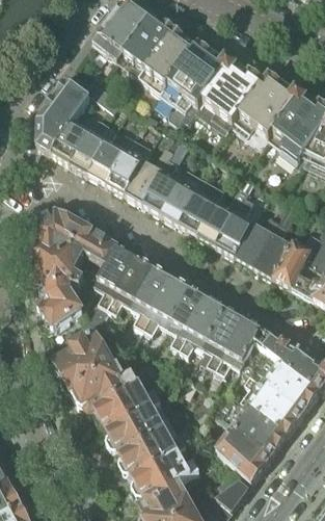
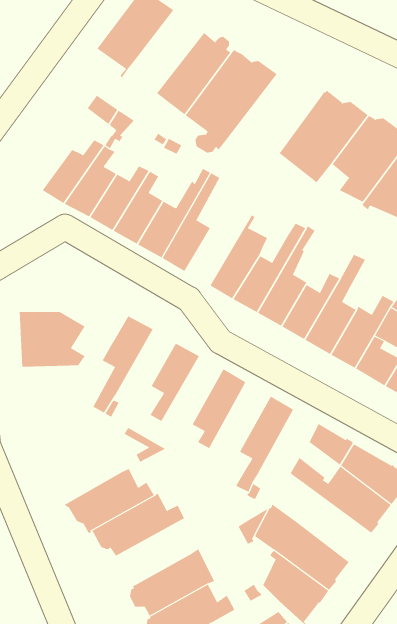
building: [123,10,175,78] -> none
building: [194,61,264,132] -> none
building: [36,79,90,150] -> none
building: [161,160,213,223] -> none
building: [33,210,117,265] -> none
building: [108,256,154,312] -> none
building: [143,277,190,333] -> none
building: [36,284,90,336] -> none
building: [180,296,226,353] -> none
building: [216,317,263,373] -> none
building: [56,332,112,390] -> none
building: [245,373,303,434] -> none
building: [105,401,165,452] -> none

